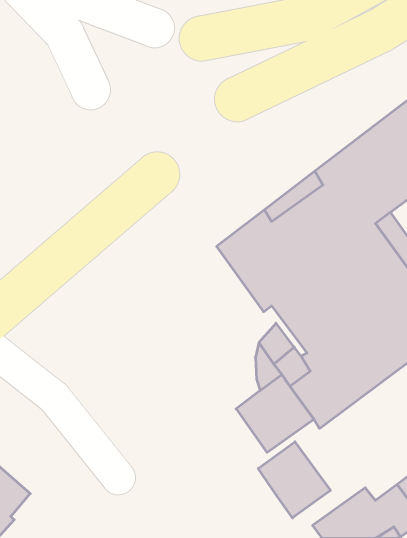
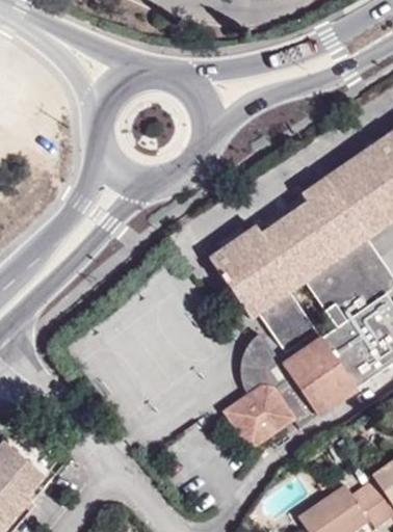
building: [258,442,330,518] -> none

